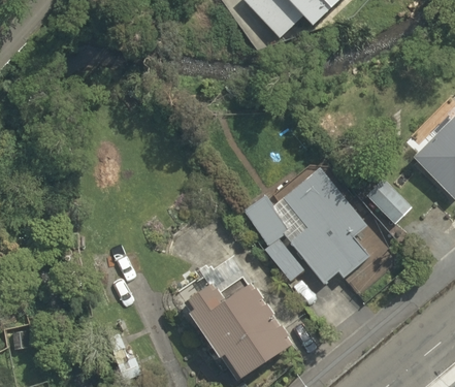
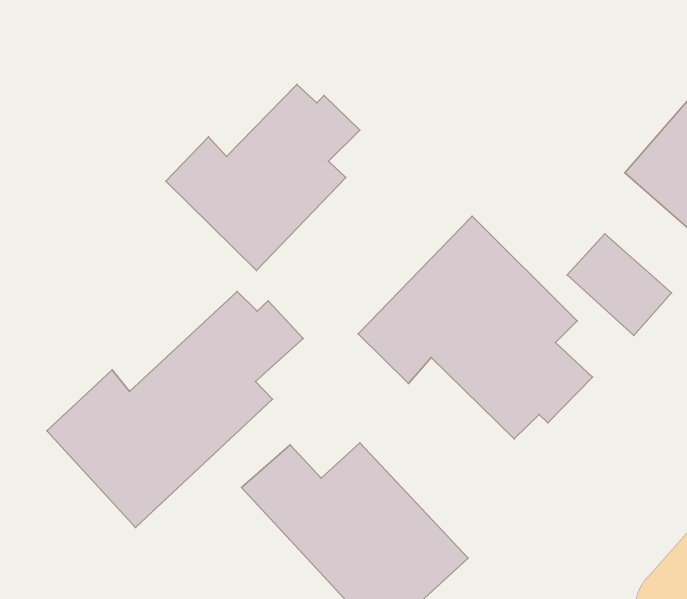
building: none -> [166,84,360,270]
building: none -> [47,292,303,528]

